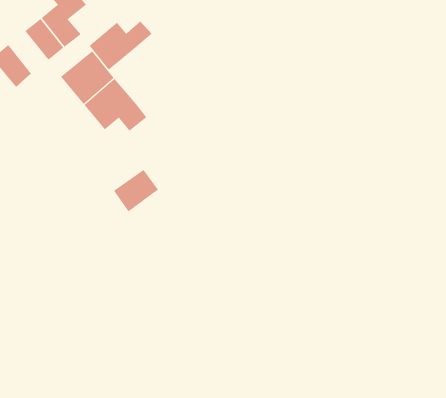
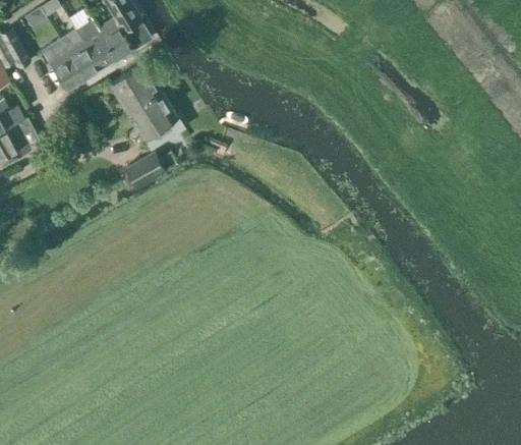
building: [89,20,152,71] -> none
building: none -> [64,39,99,78]
building: [113,169,159,212] -> [122,152,164,189]

